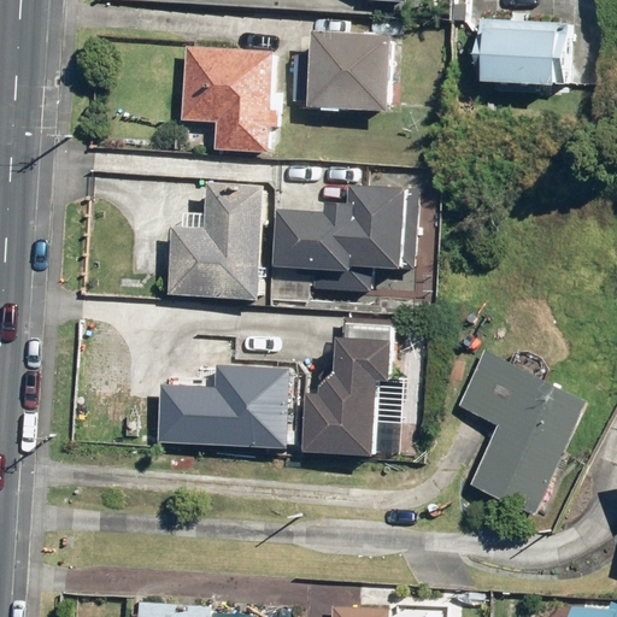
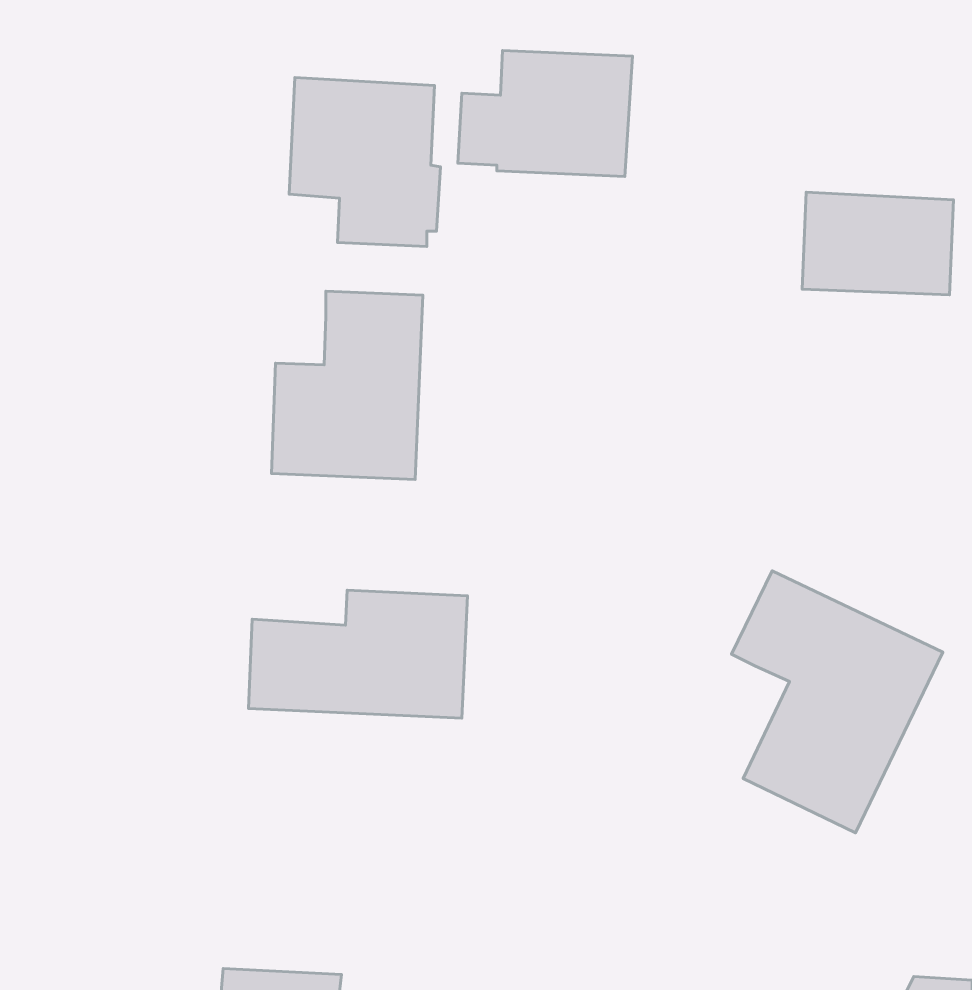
building: [471,20,565,84] -> [802,192,953,295]
building: [275,187,412,270] -> none
building: [302,325,394,456] -> none

